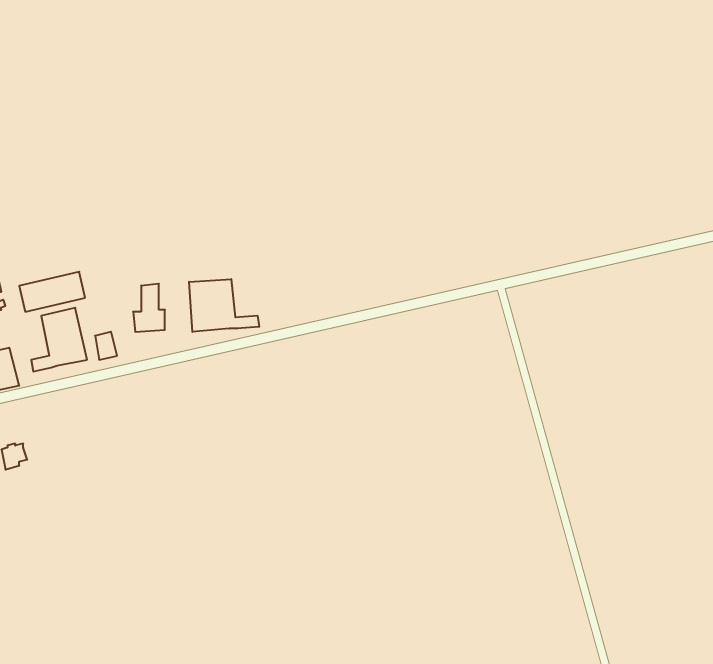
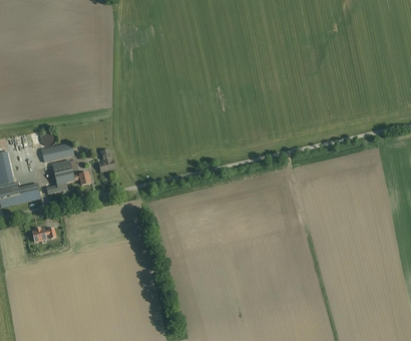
building: [189,279,259,332] -> none

